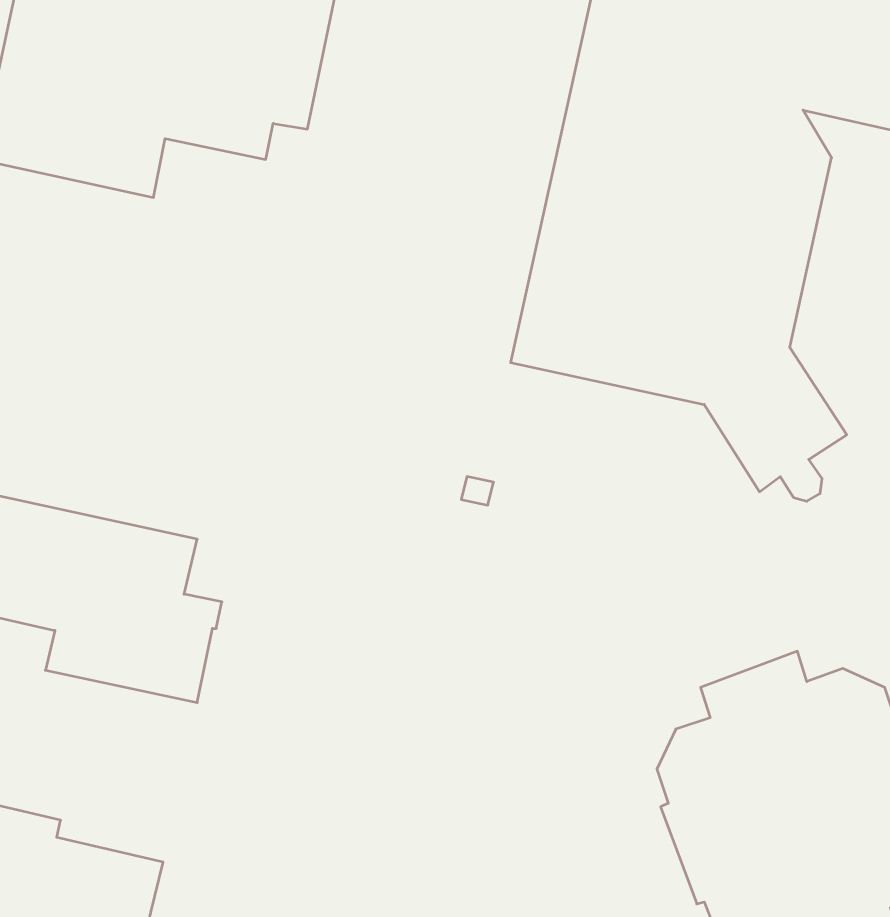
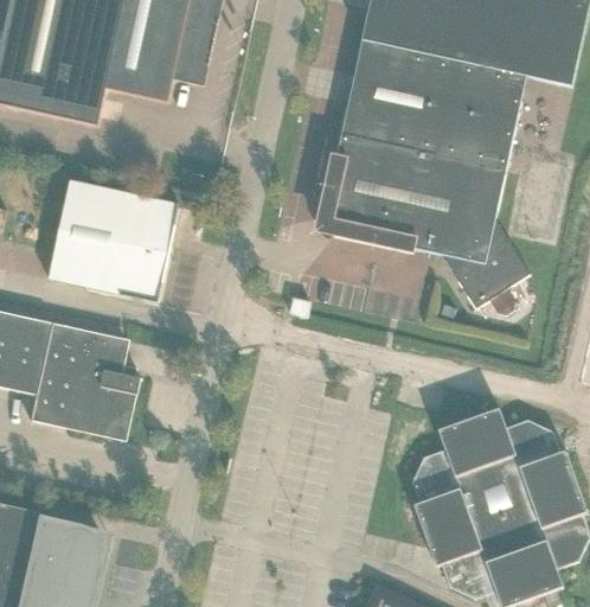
building: none -> [47,180,178,301]

